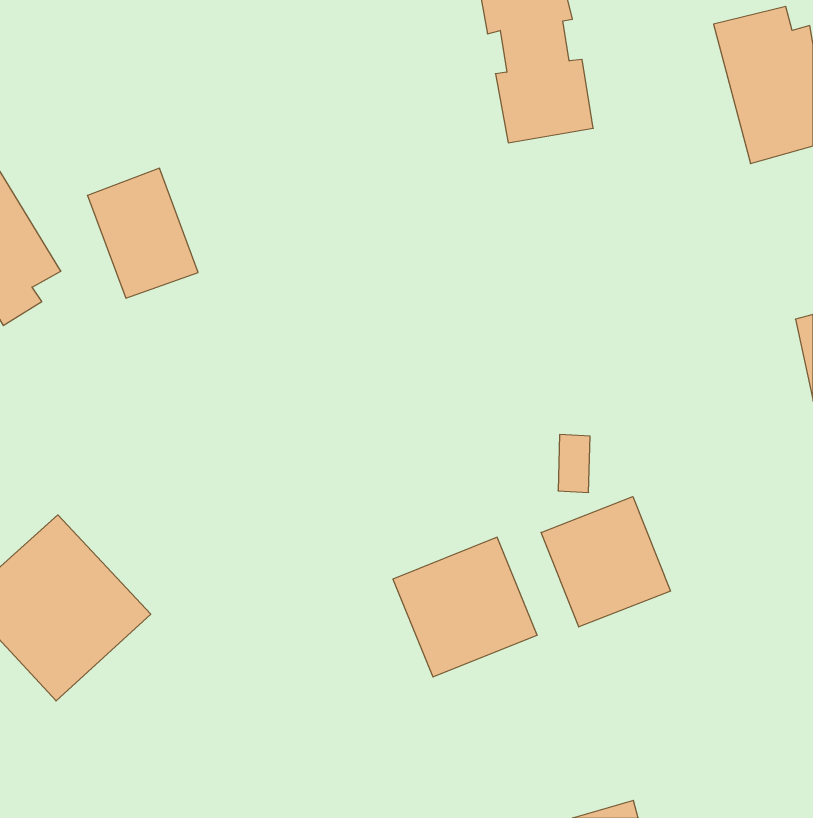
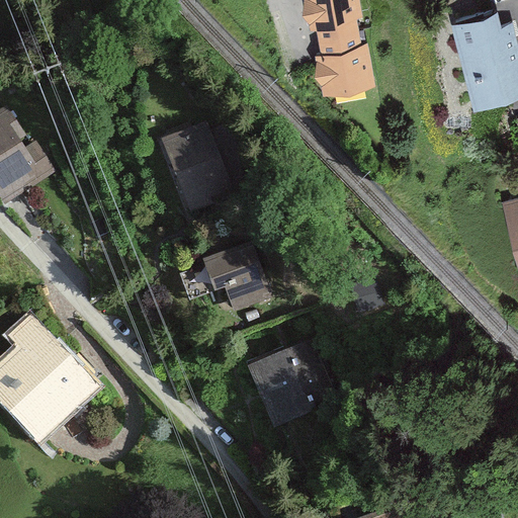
building: [87,168,198,298] -> [162,124,232,206]
building: none -> [203,243,266,303]
building: [541,497,670,627] -> none

